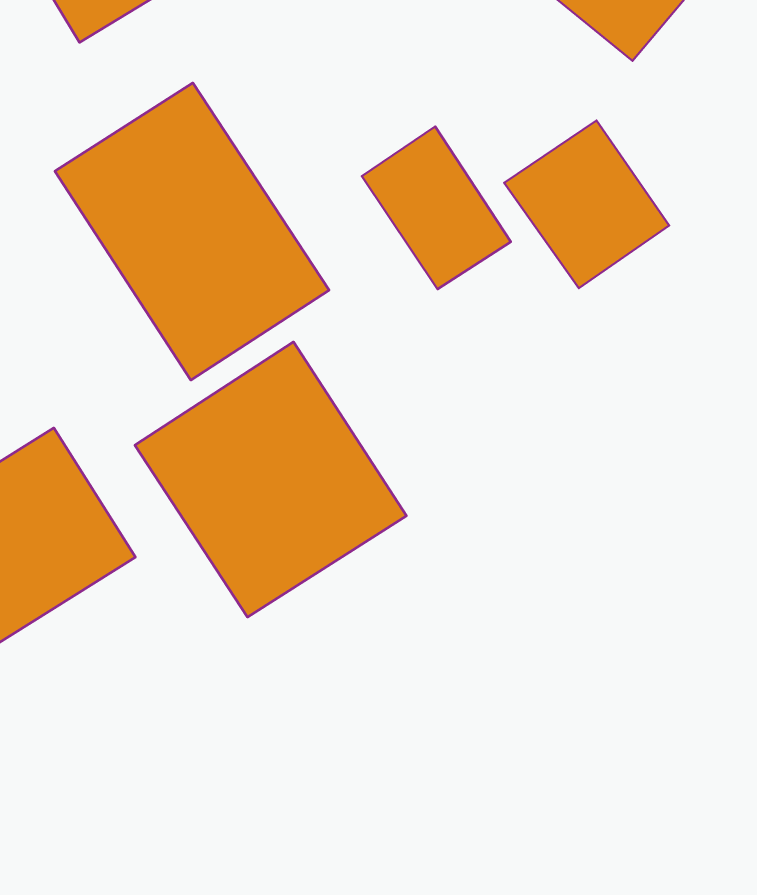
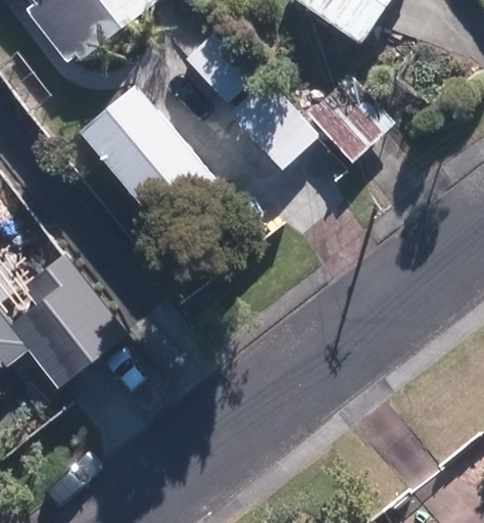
building: [135,342,406,617] -> none

